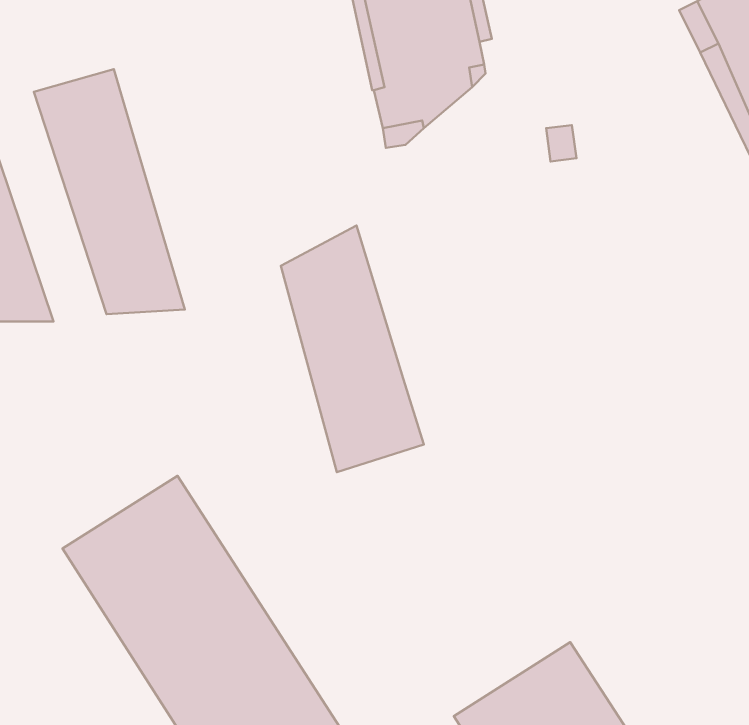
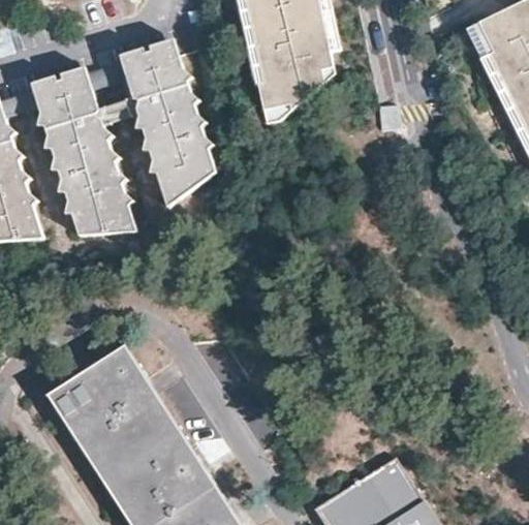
building: none -> [119,39,212,207]
building: [281,225,424,472] -> none

